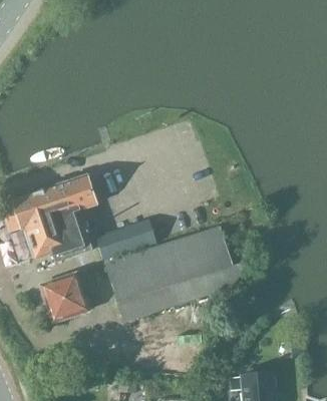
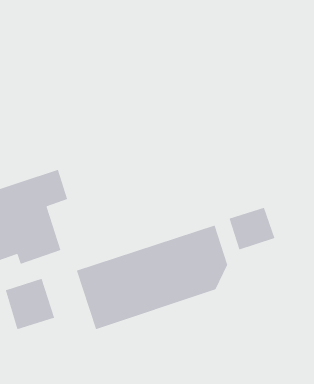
building: none -> [229,207,276,251]
building: [96,221,157,261] -> none

